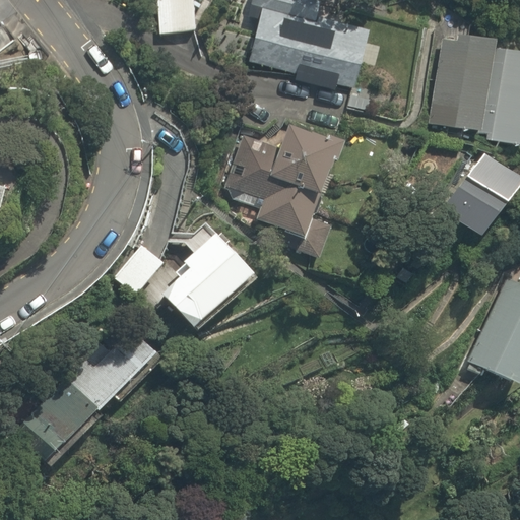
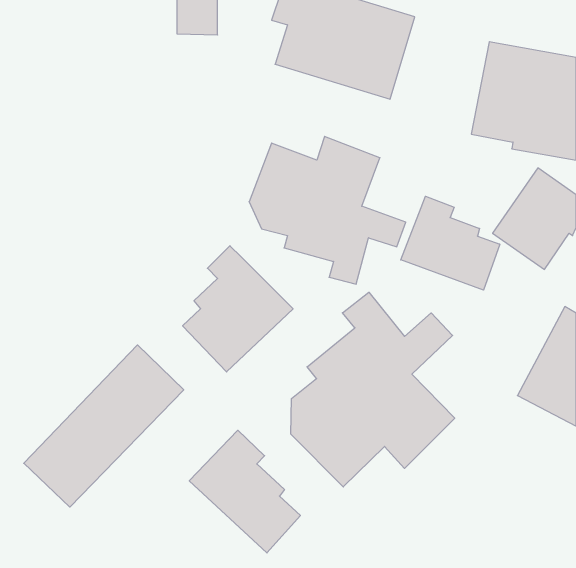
building: none -> [401,196,500,290]
building: none -> [291,292,455,487]
building: none -> [189,430,300,553]

